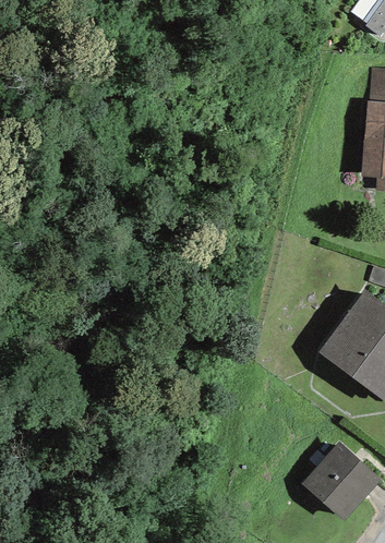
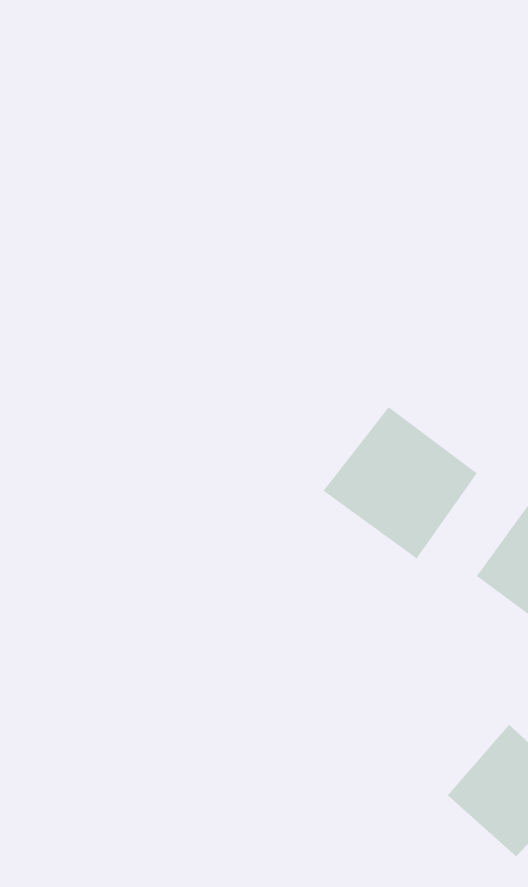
building: none -> [323,406,478,559]

